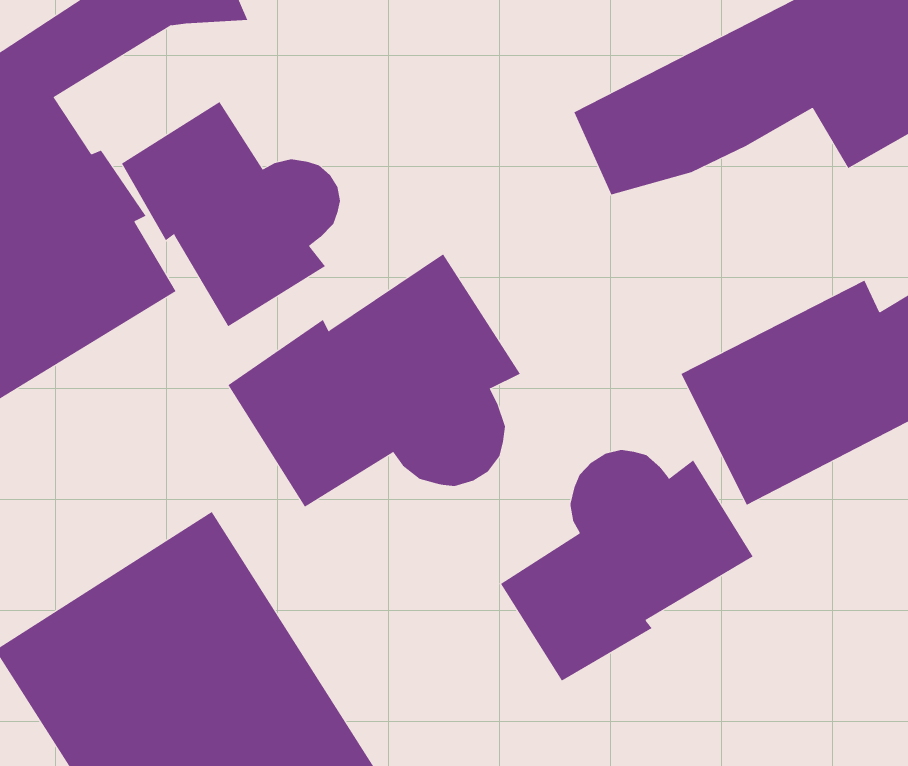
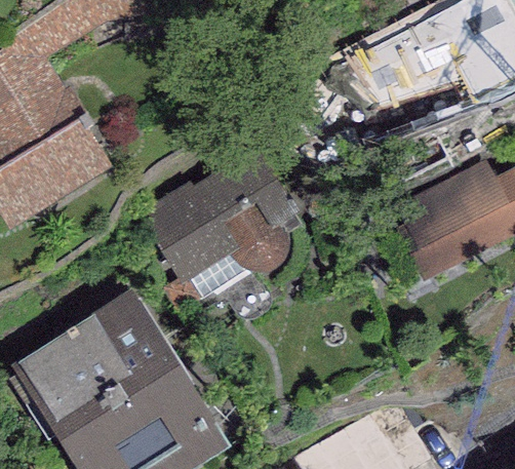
building: [121,101,341,327] -> none
building: [500,449,754,681] -> none

